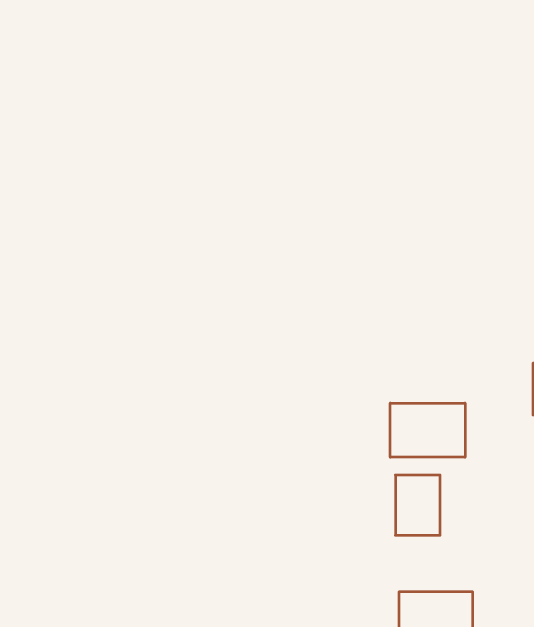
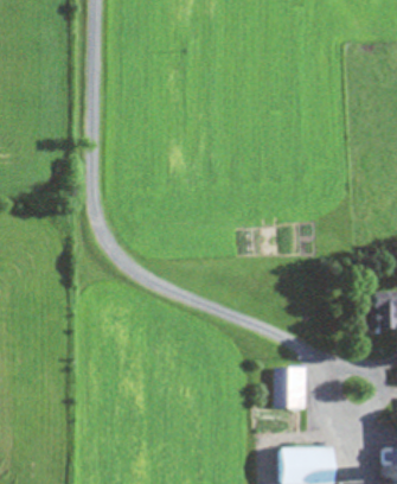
building: [390,403,465,457] -> none

